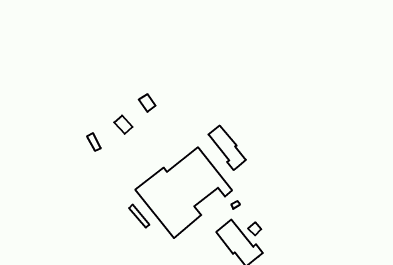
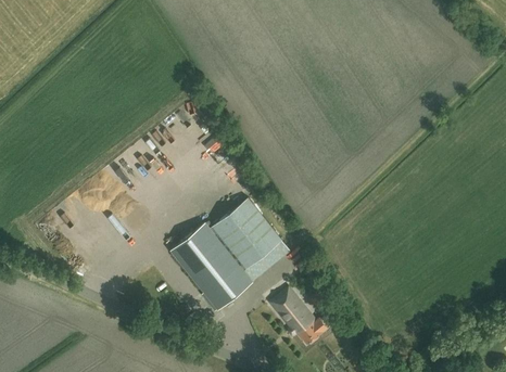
building: [208,126,246,170] -> none

